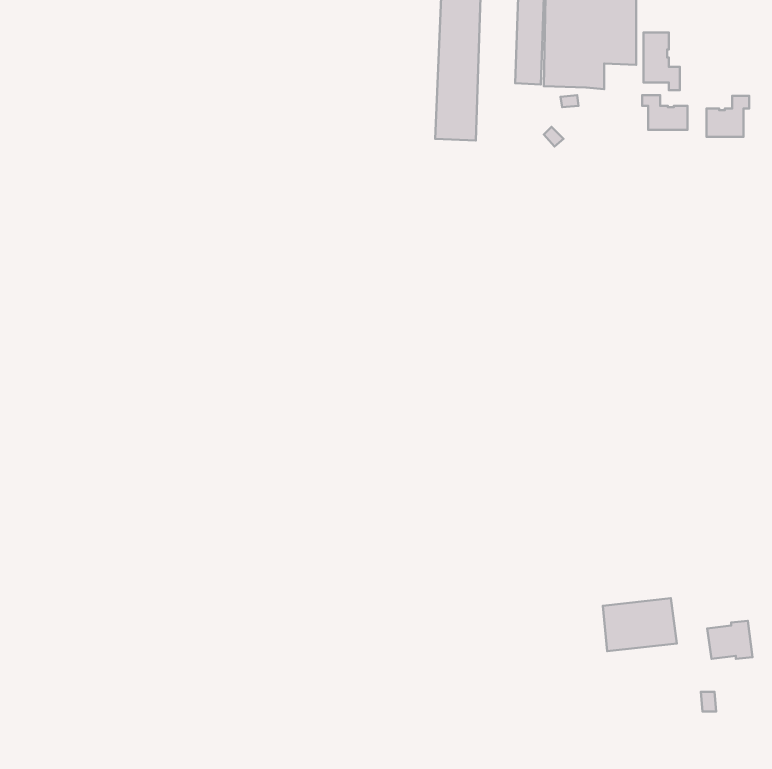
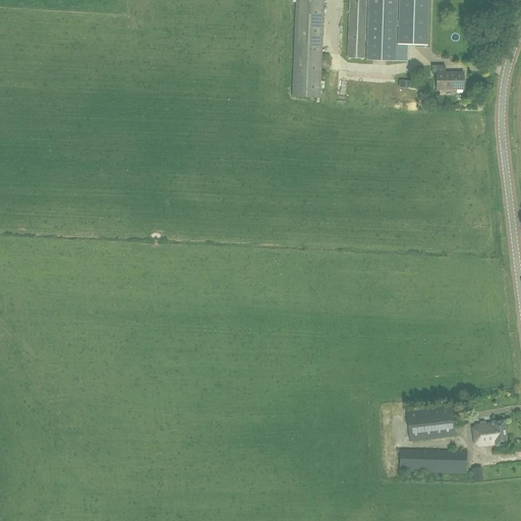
building: [644,32,680,90] -> none
building: [707,96,749,137] -> none
building: none -> [400,448,467,471]

